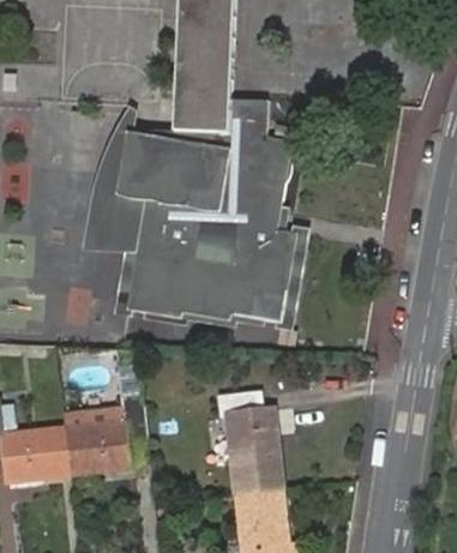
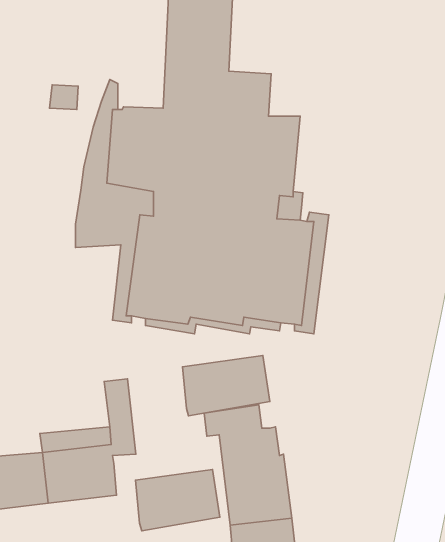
building: none -> [182,355,270,416]
building: none -> [135,469,220,531]

